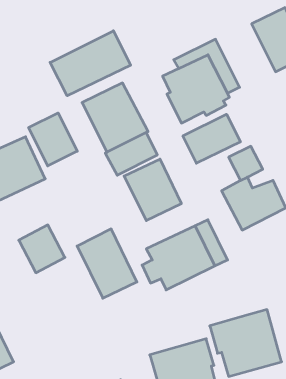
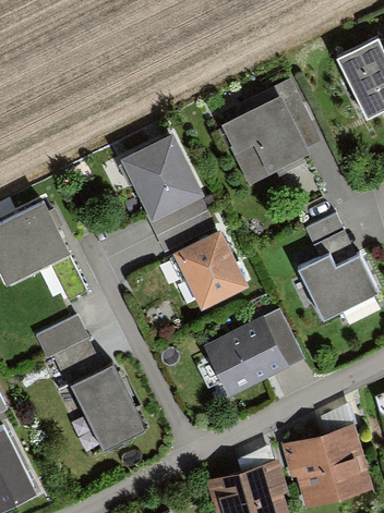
building: [50,31,131,96] -> none
building: [29,113,77,166] -> none
building: [183,114,240,163] -> none
building: [77,229,137,298] -> [69,365,145,453]

